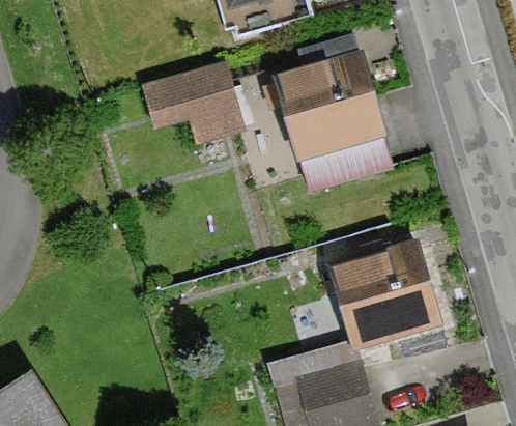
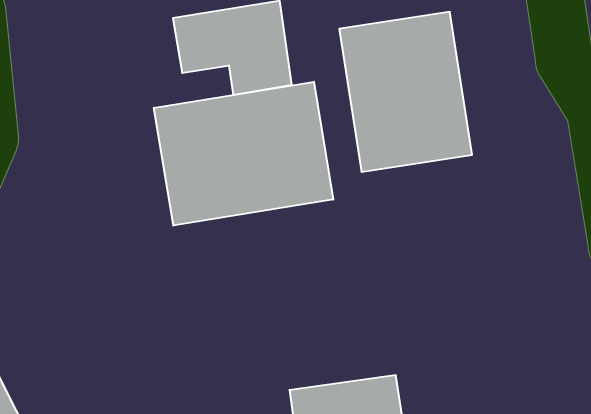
building: none -> [154,82,333,226]
building: [332,240,441,347] -> none

